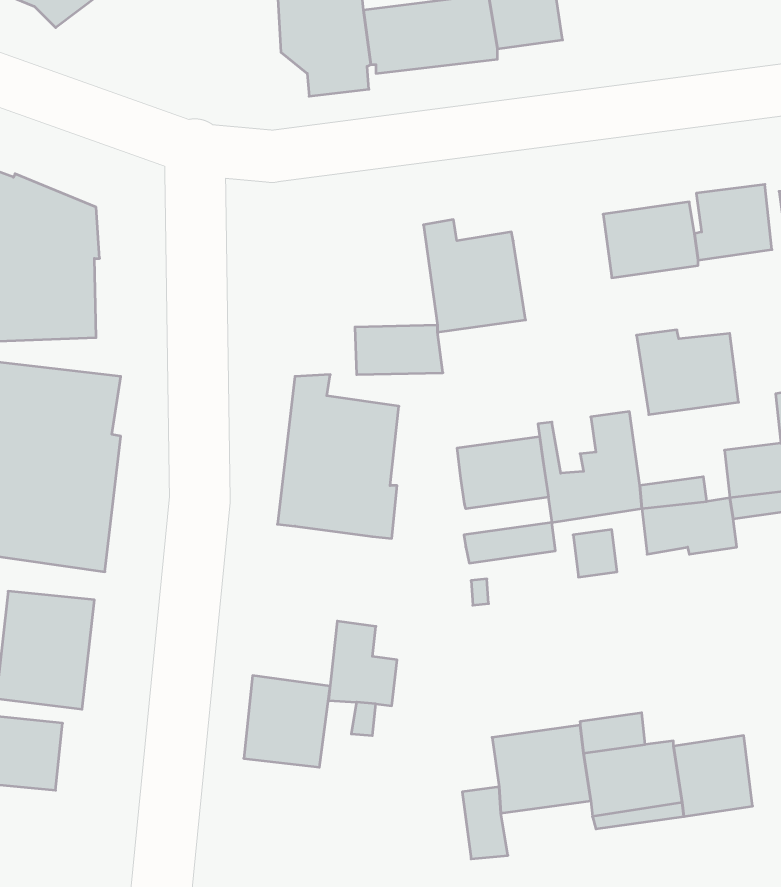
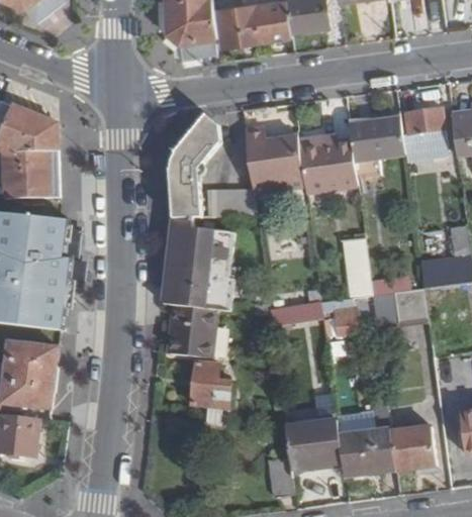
building: none -> [169,114,218,218]
building: [636,330,739,415] -> [297,137,356,186]
building: [457,436,548,509] -> none
building: [244,676,330,767] -> [167,304,216,356]

